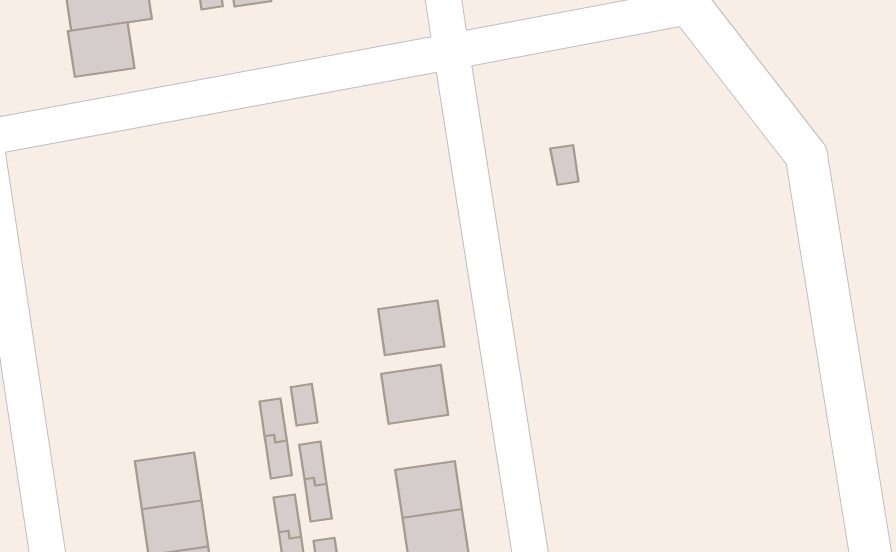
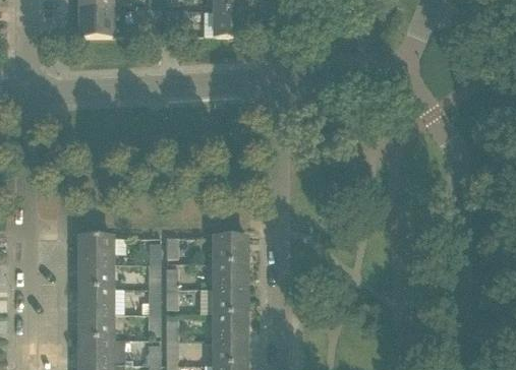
building: [68,22,134,77] -> none
building: [378,300,444,355] -> [214,261,245,286]
building: none -> [79,235,111,261]

